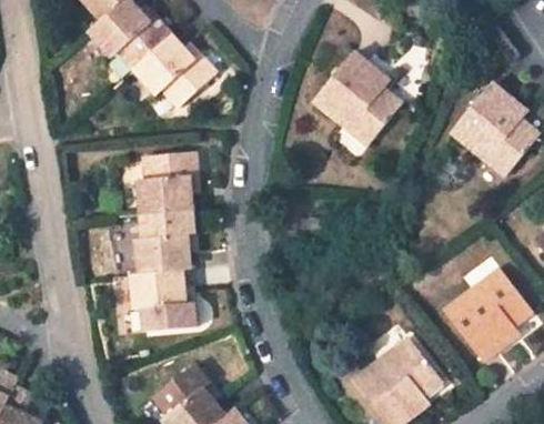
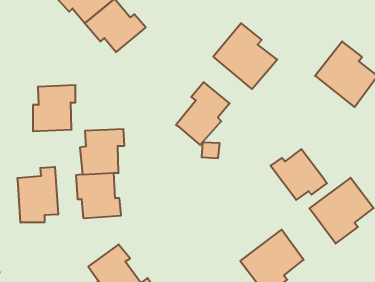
building: none -> [176,82,230,145]
building: [140,145,198,208] -> [33,85,76,131]
building: none -> [271,149,327,200]
building: none -> [17,167,58,223]

